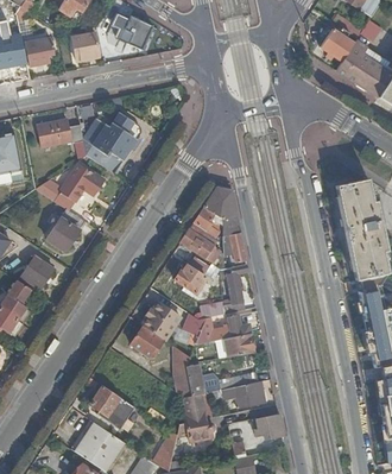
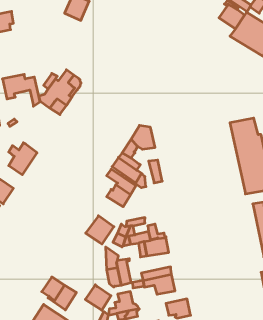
building: [70,32,101,61] -> none
building: [53,165,102,211] -> none
building: [225,264,247,305] -> none
building: [131,326,164,359] -> [85,285,111,310]

